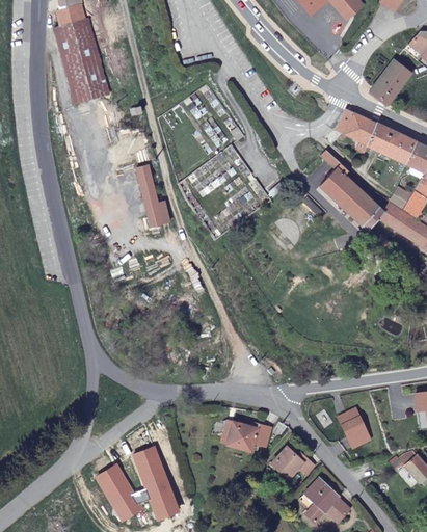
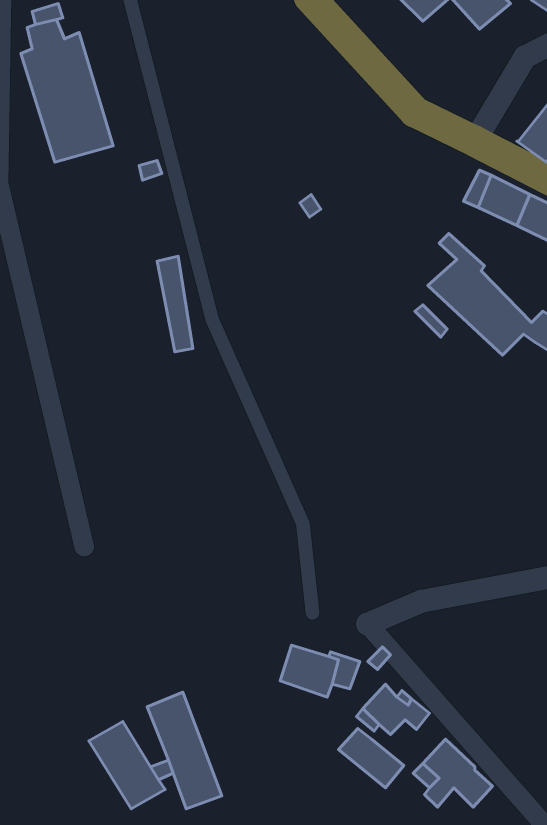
building: [338,408,371,445] -> none
building: none -> [339,728,404,788]

